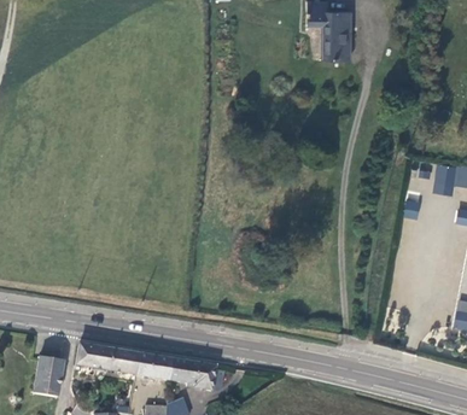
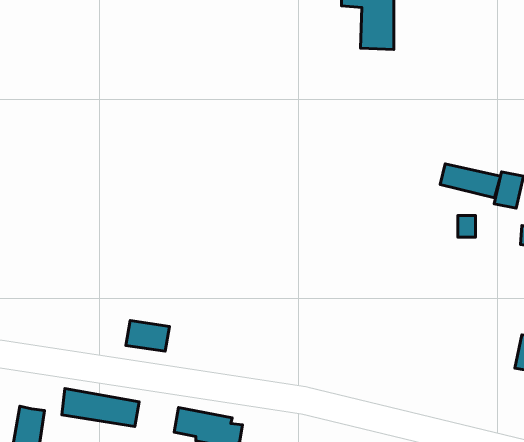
building: none -> [440,164,501,198]
building: [135,352,171,378] -> [126,321,170,351]

